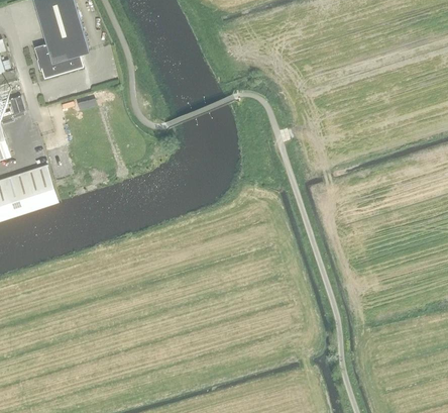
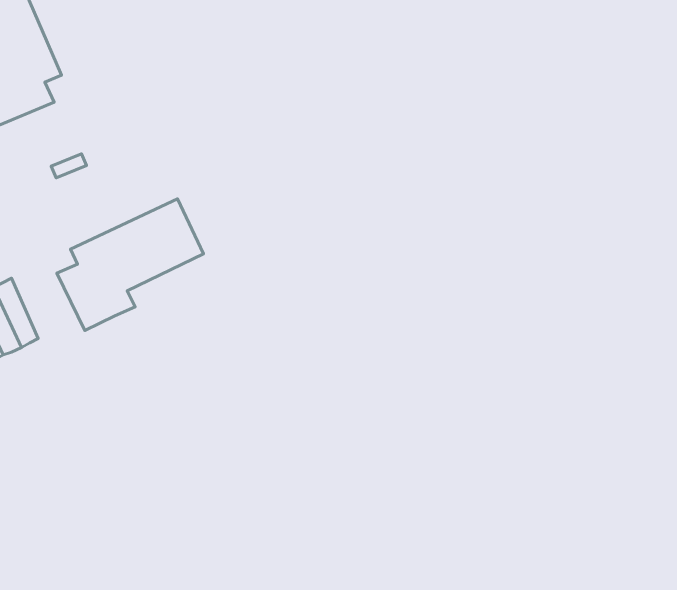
building: none -> [57,199,203,330]

